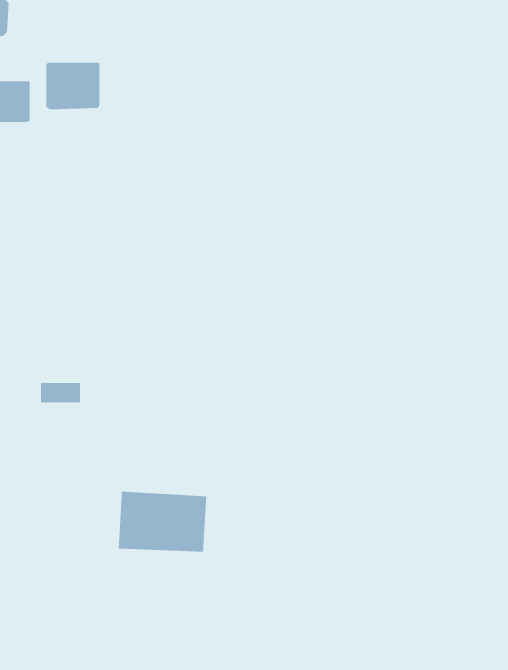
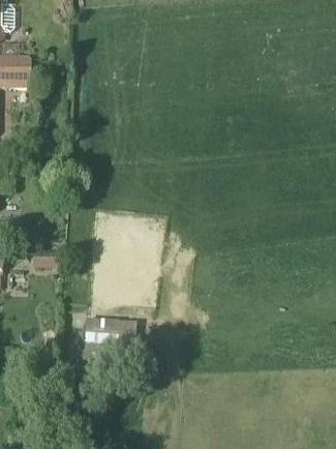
building: [45,62,100,110] -> none

